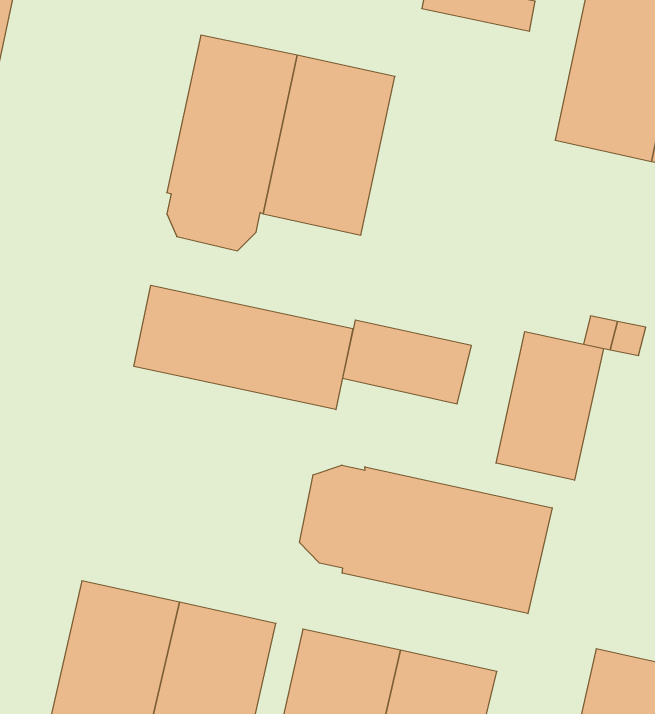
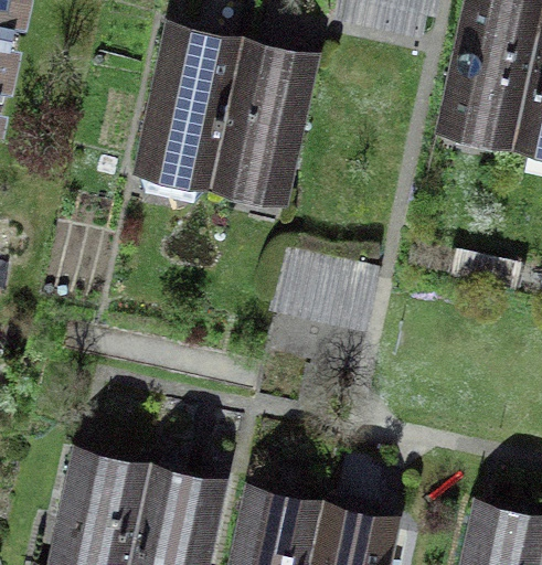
building: [134,285,353,410] -> none
building: [496,332,604,480] -> none
building: [300,465,552,614] -> none

